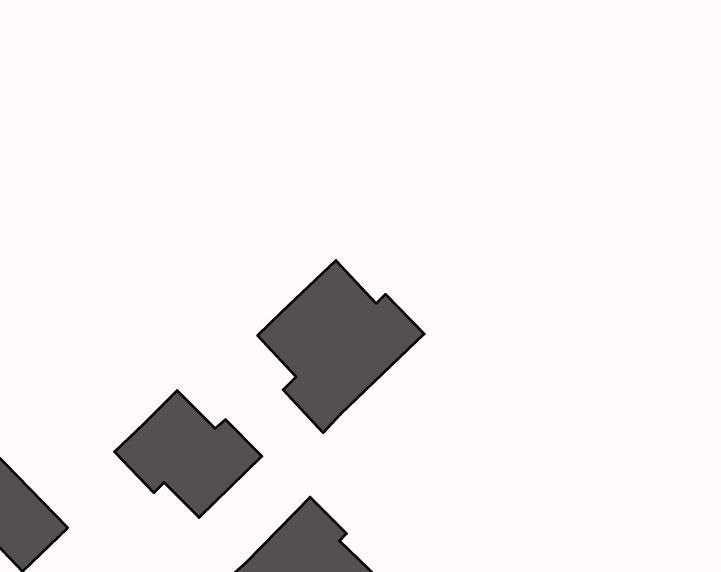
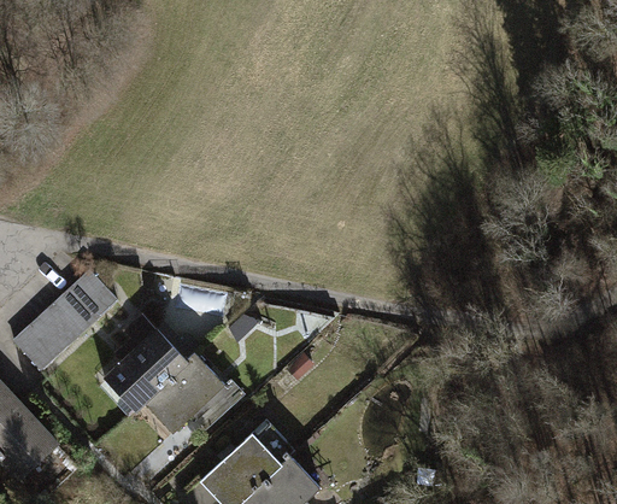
building: [258,260,424,433] -> none
building: none -> [13,269,118,369]

